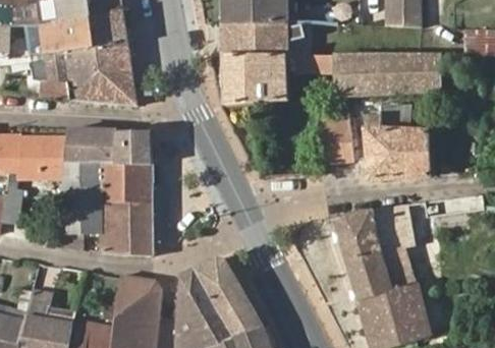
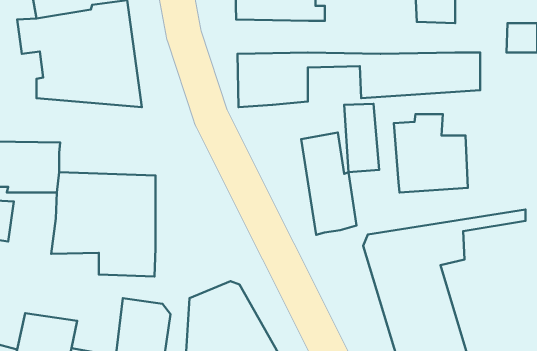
building: [221,24,286,55] -> none
building: none -> [301,133,356,235]
building: [62,129,150,164] -> none

